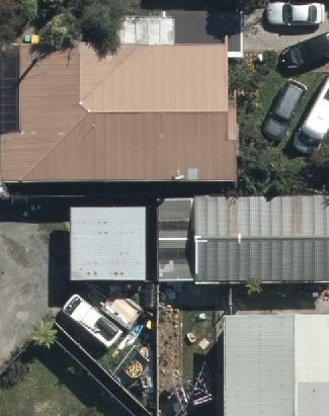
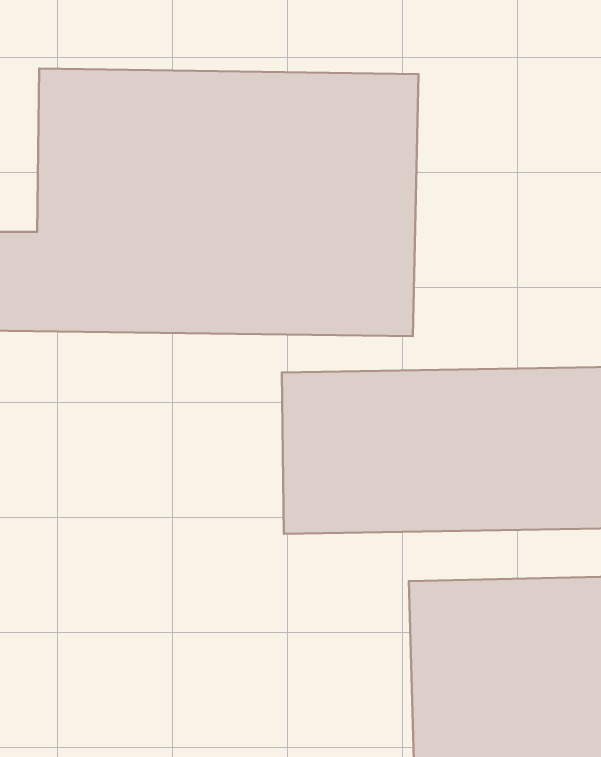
building: [67,205,146,282] -> none

